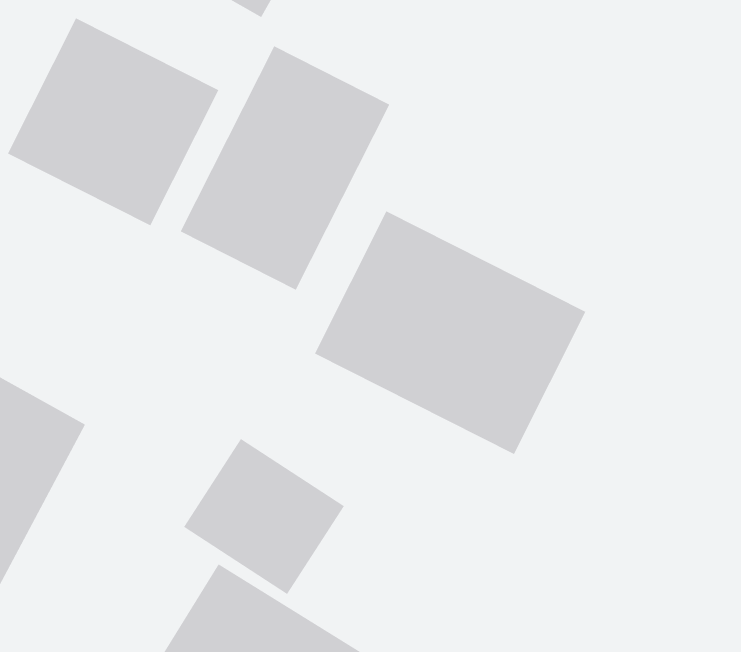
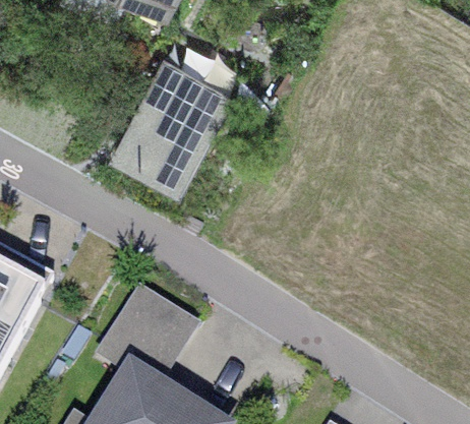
building: [7,18,219,226] -> none
building: [314,211,586,455] -> none

